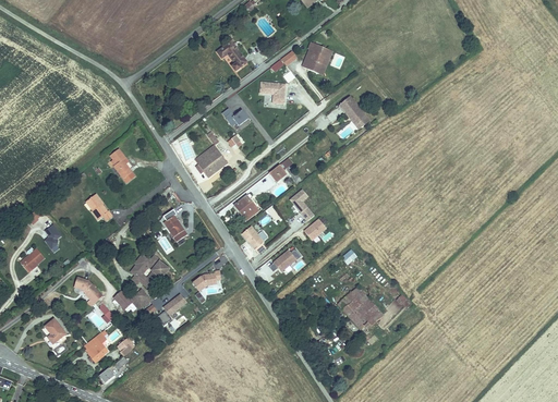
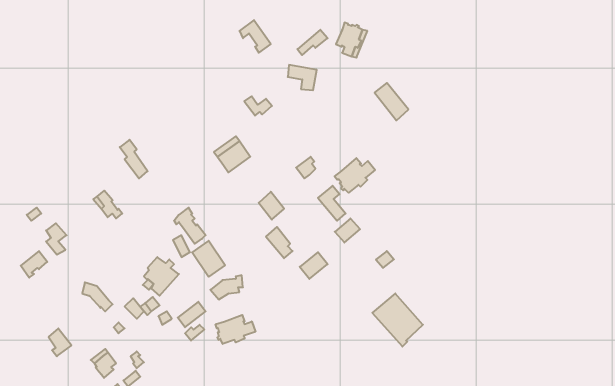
building: none -> [335,158,375,193]
building: none -> [192,241,225,277]
building: none -> [216,315,255,344]

